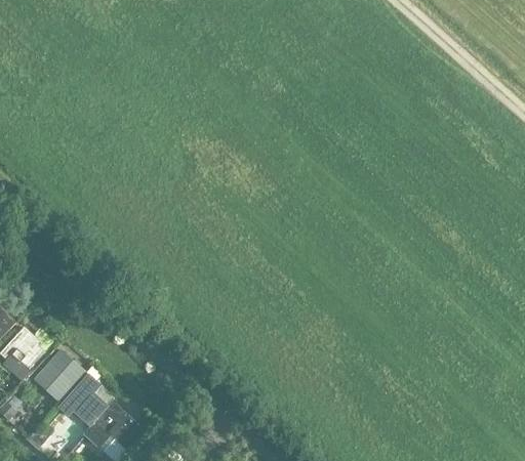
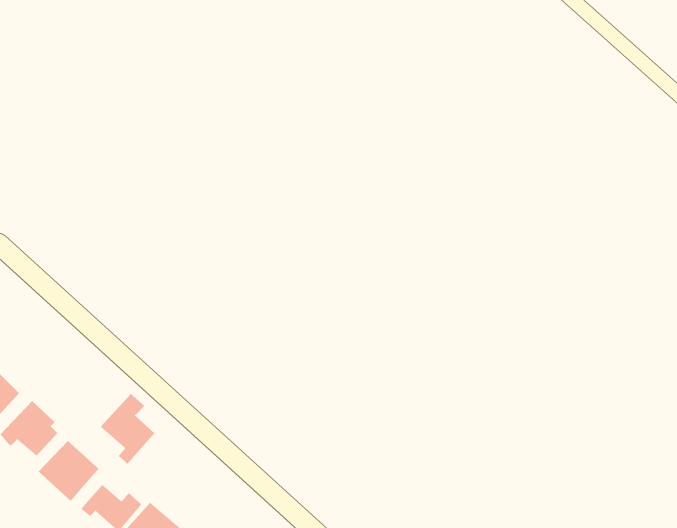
building: none -> [100,393,155,464]

